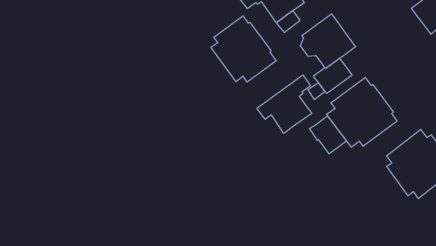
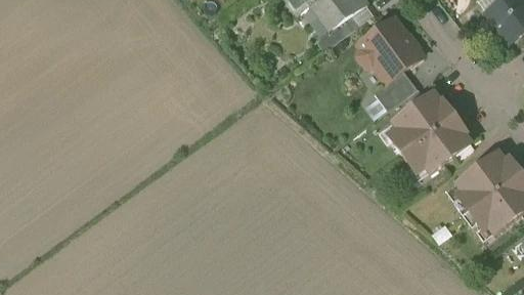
building: [211,16,276,82] -> none
building: [257,75,312,133] -> none
building: [309,116,346,154] -> none

